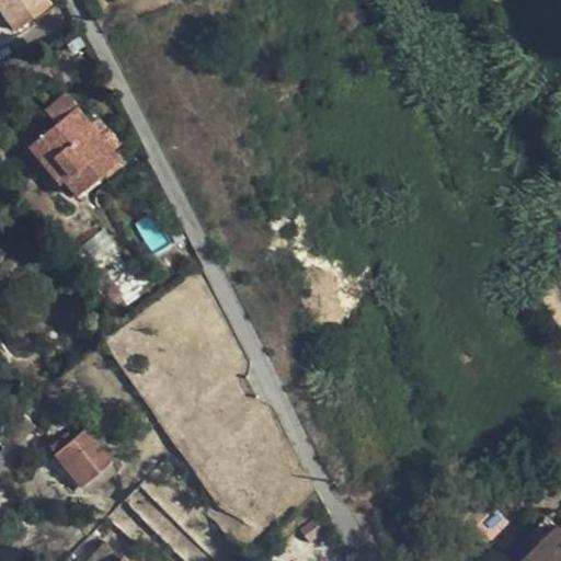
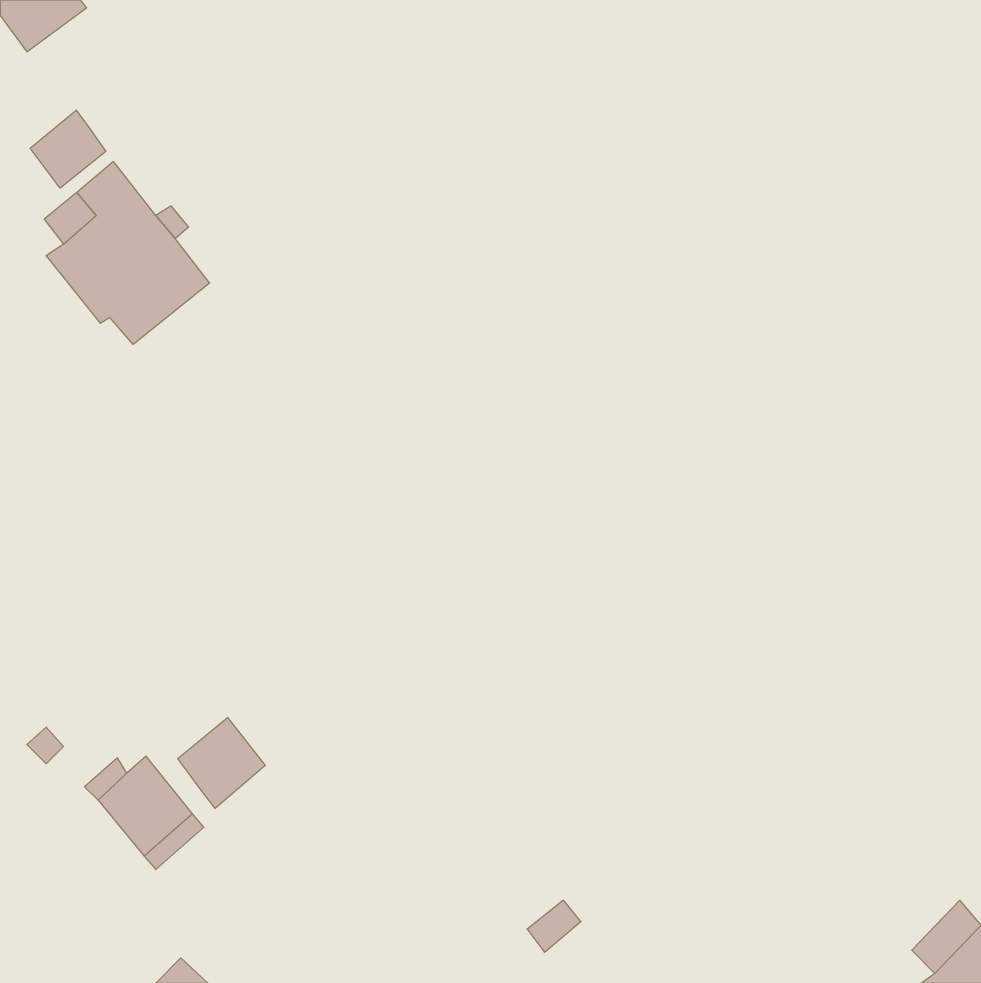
building: none -> [30,110,106,188]
building: none -> [178,717,265,808]

